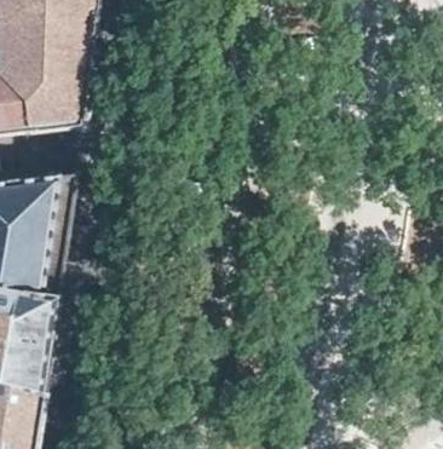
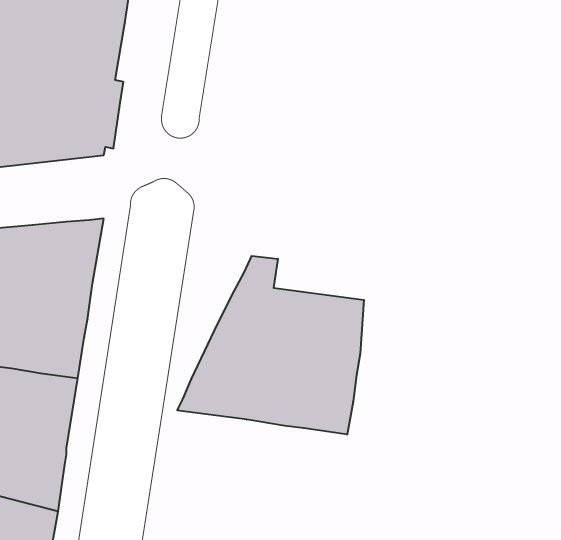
building: none -> [177,256,364,435]

